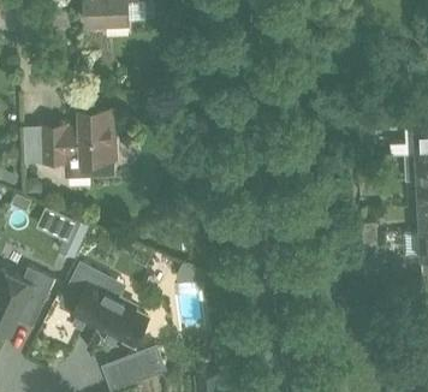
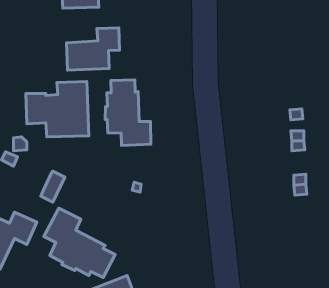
building: none -> [67,28,120,70]
building: none -> [105,80,151,145]

